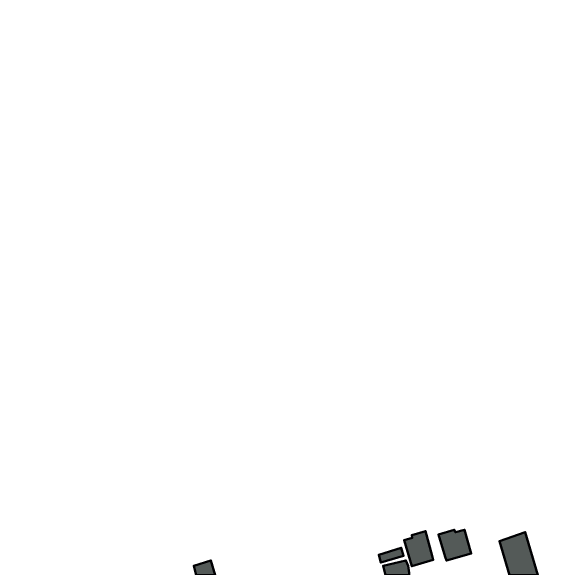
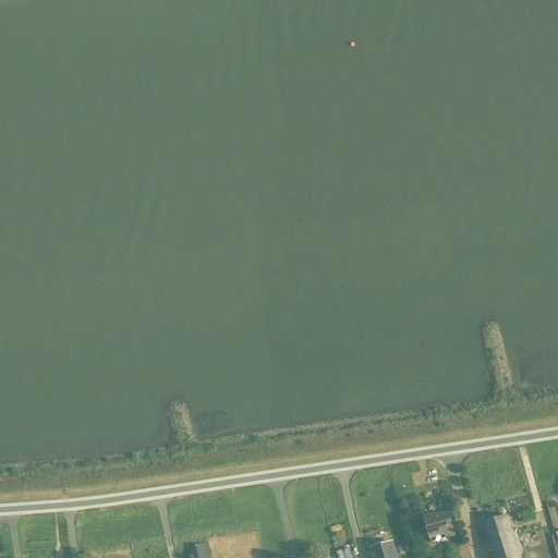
building: [404,531,433,566] -> none

